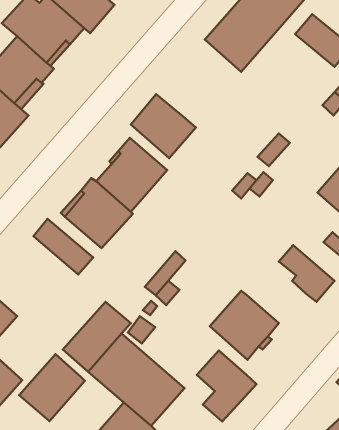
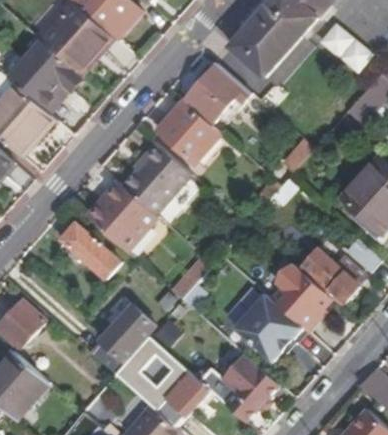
building: none -> [181,62,249,124]
building: none -> [270,263,329,331]
building: [19,354,85,421] -> none

